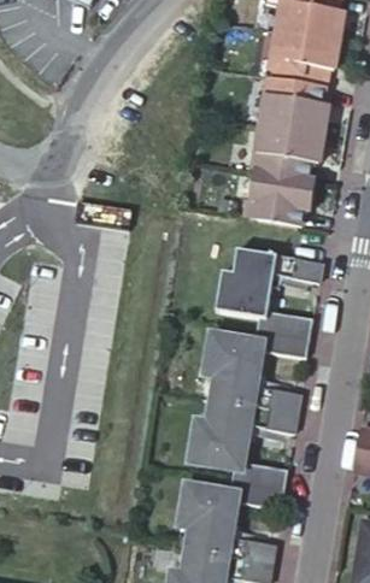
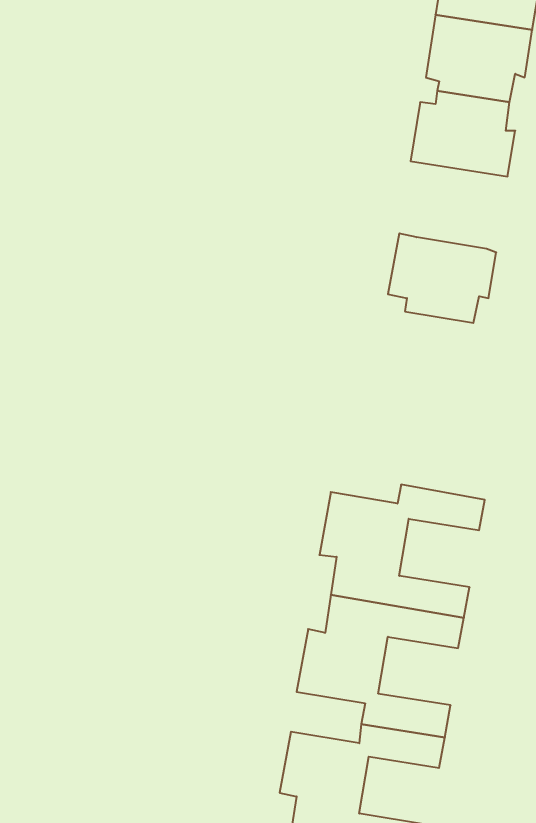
building: [256,124,323,179] -> none
building: [215,248,321,338] -> none

